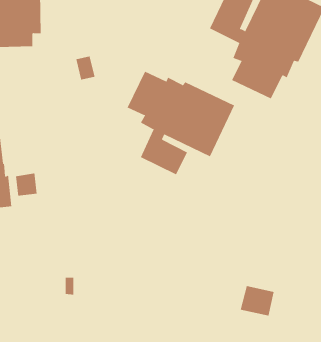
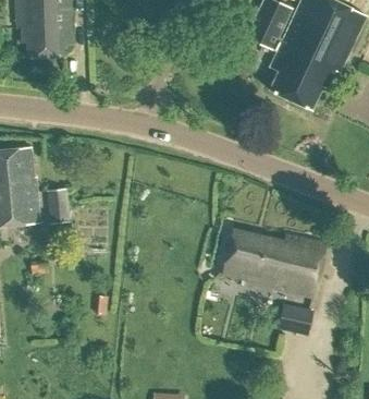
building: [127,71,235,175] -> none
building: none -> [220,230,324,298]

